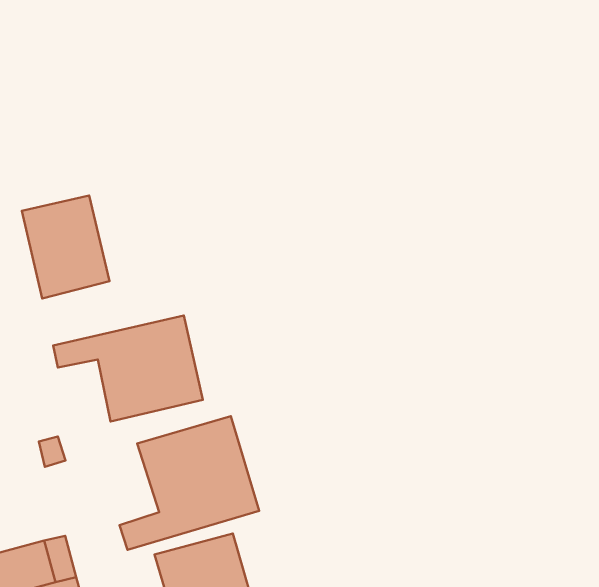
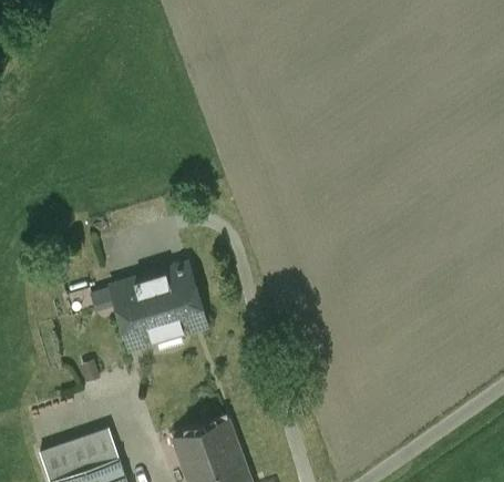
building: [22,195,110,298] -> none
building: [120,416,259,550] -> none

